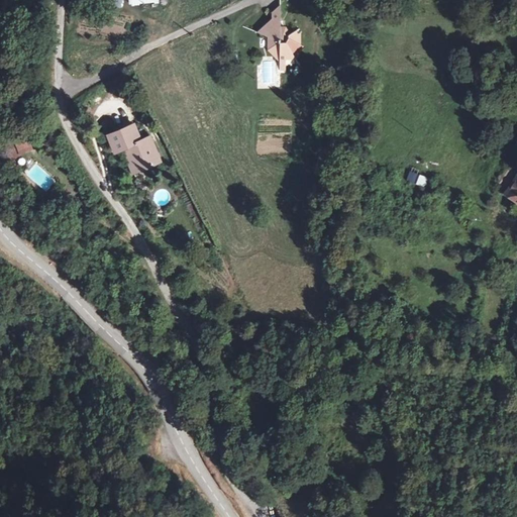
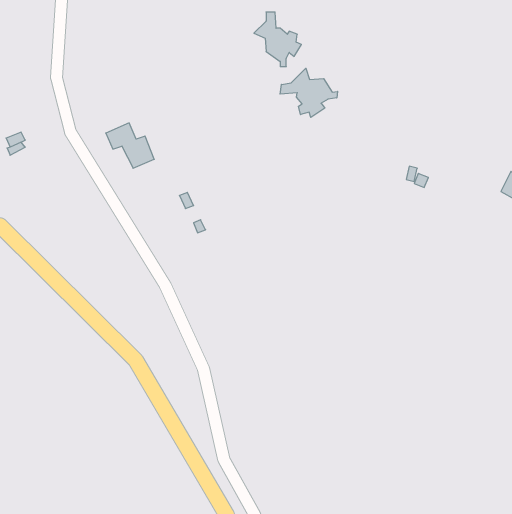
building: none -> [280,68,338,117]

